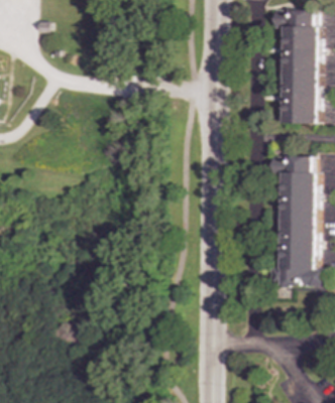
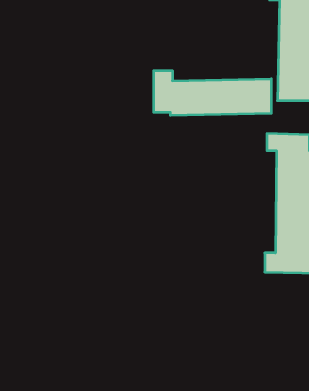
building: none -> [154,71,271,115]

